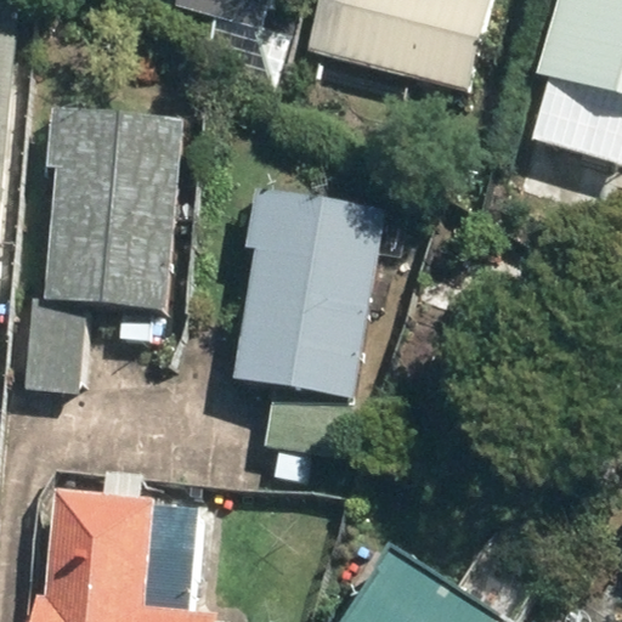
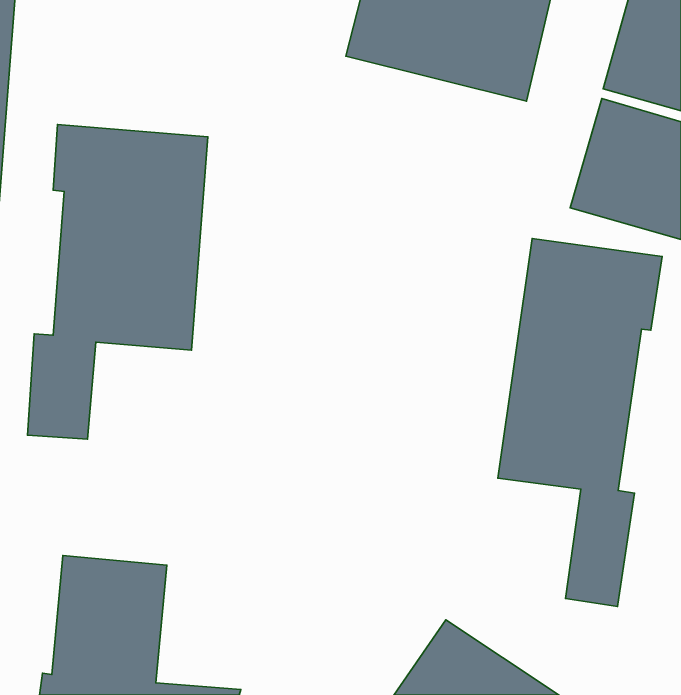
building: [234,187,383,459] -> none
building: none -> [498,239,662,607]

